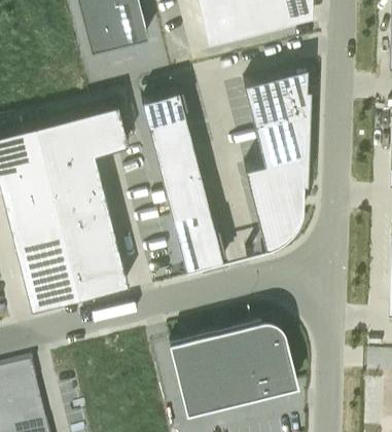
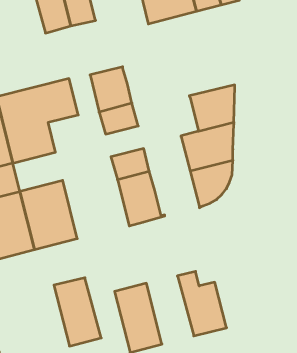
building: [244,70,308,125] -> none
building: [159,159,203,194] -> none
building: [55,189,111,233] -> none
building: [206,329,259,406] -> [54,278,101,346]

